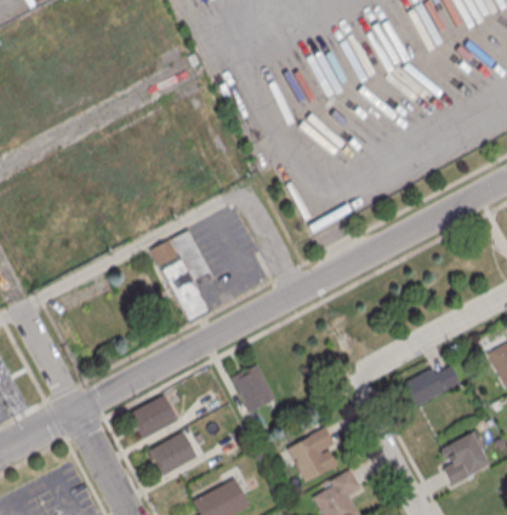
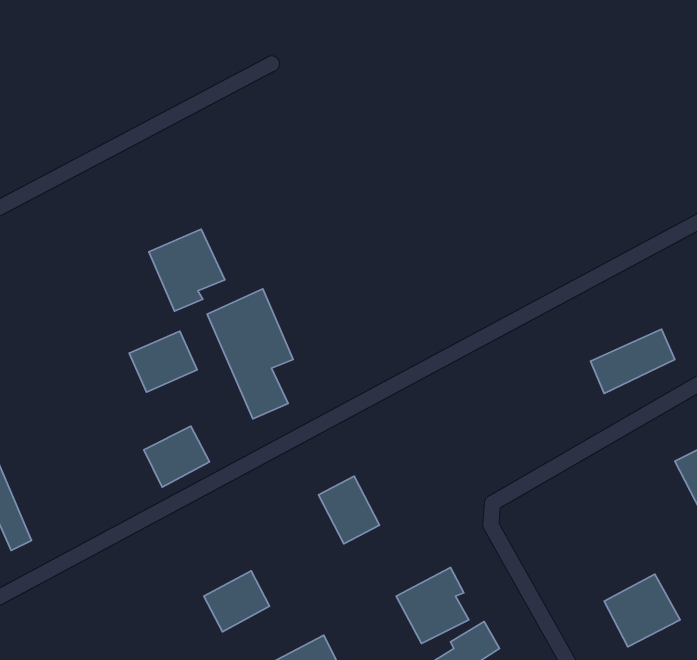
building: none -> [149,229,225,311]
building: none -> [129,331,197,392]
building: [399,362,460,408] -> [590,329,675,393]
building: [130,394,177,437] -> [144,426,210,487]

